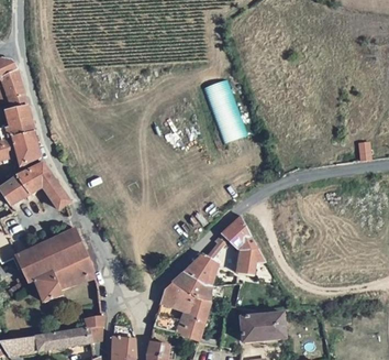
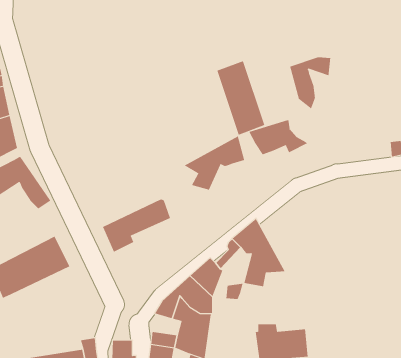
building: none -> [289,57,331,109]
building: none -> [249,118,308,155]
building: none -> [183,135,245,191]
building: [30,258,89,304] -> [102,199,171,252]

